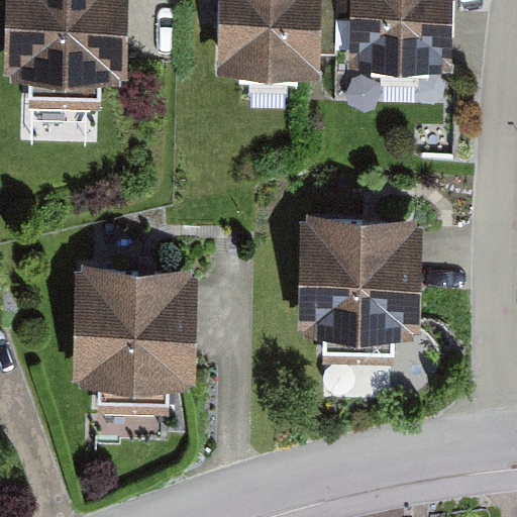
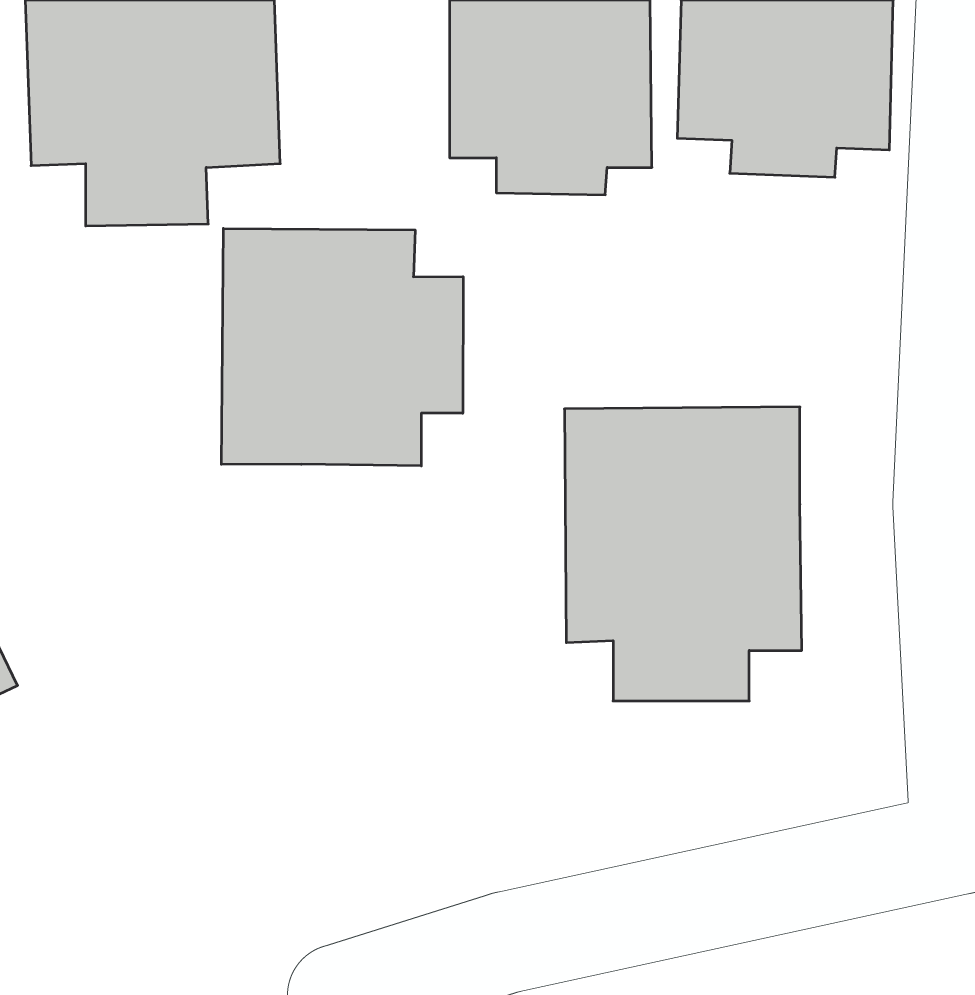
building: none -> [221,228,463,466]
building: [63,269,188,423] -> none

